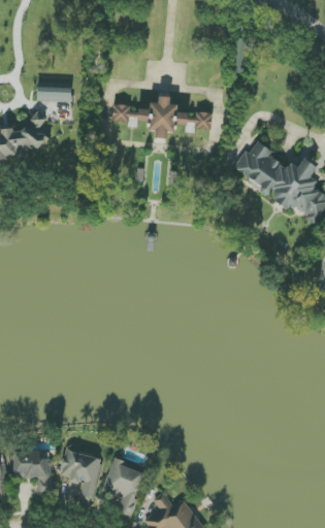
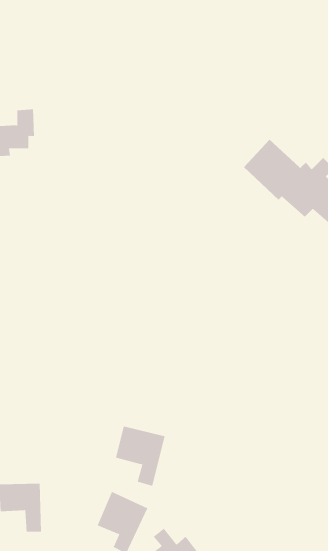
building: [37,81,72,101] -> none
building: [112,96,213,138] -> none
building: [59,449,104,503] -> [115,426,166,486]

